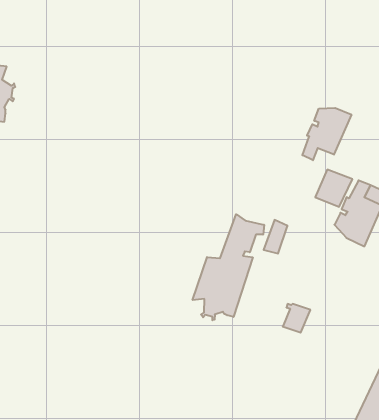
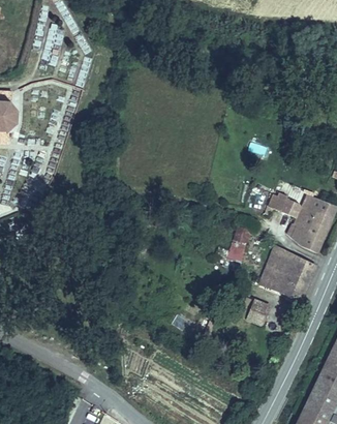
building: [302,108,351,160] -> none
building: [193,214,264,320] -> none
building: none -> [256,244,309,297]

